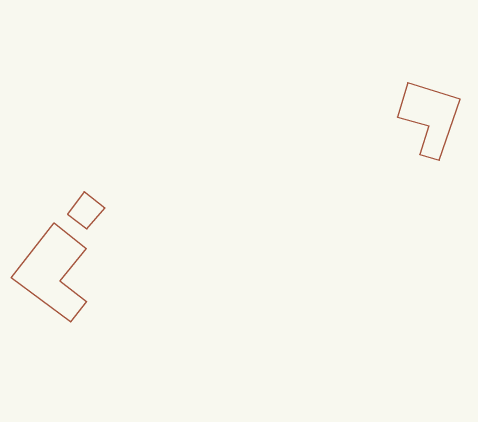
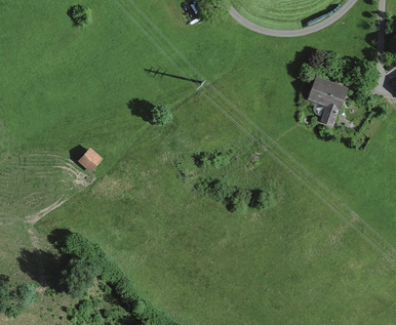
building: [11,223,87,322] -> none

